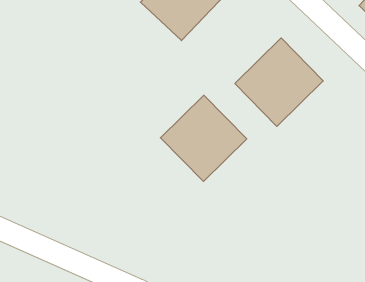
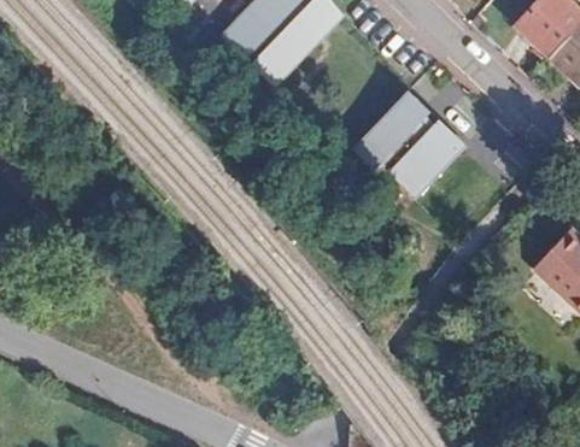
building: [160,95,247,181] -> none

